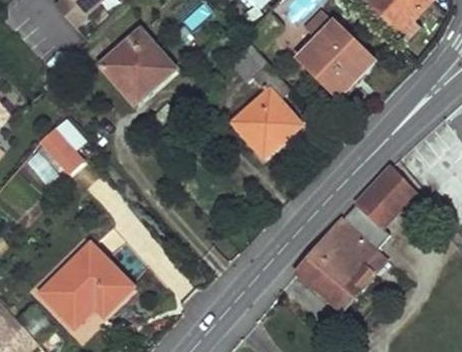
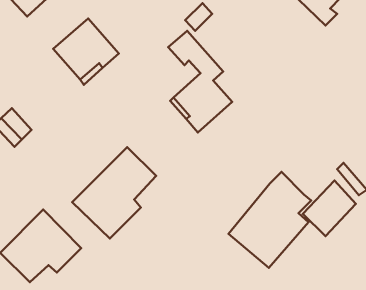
building: [299,21,373,95] -> none
building: [357,164,417,226] -> [303,180,356,236]
building: none -> [72,147,156,239]

